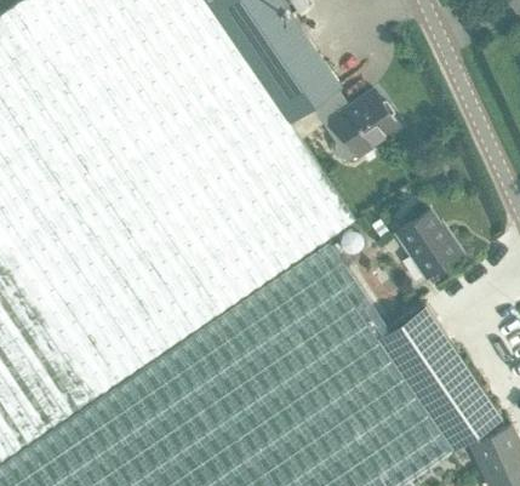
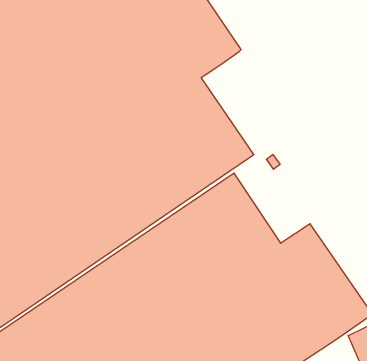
building: [312,88,398,160] -> none
building: [399,212,459,273] -> none

